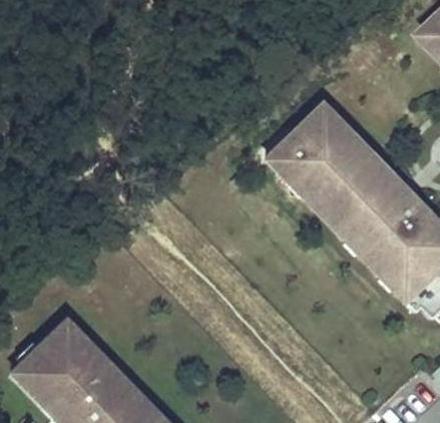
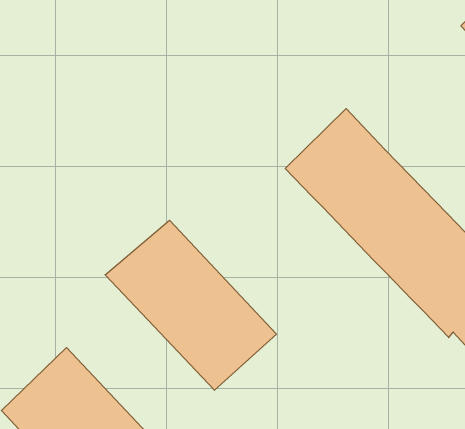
building: none -> [105,220,276,390]

